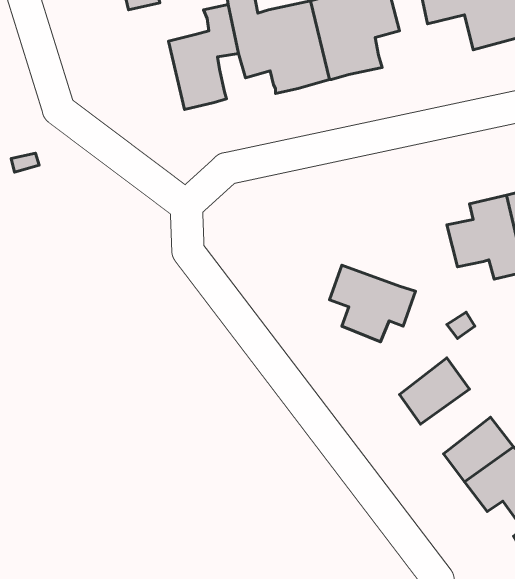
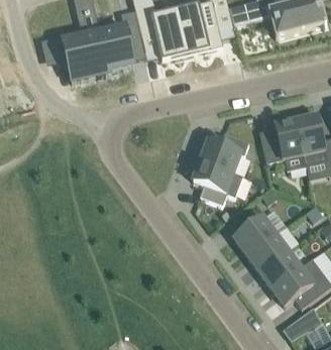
building: none -> [58,31,110,81]
building: none -> [201,133,249,172]
building: none -> [246,232,287,269]

